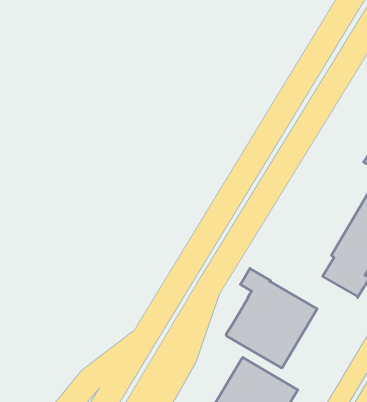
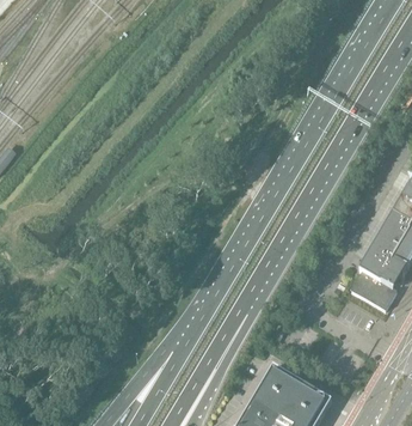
building: [226,268,317,368] -> none

